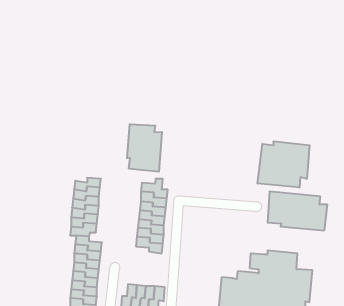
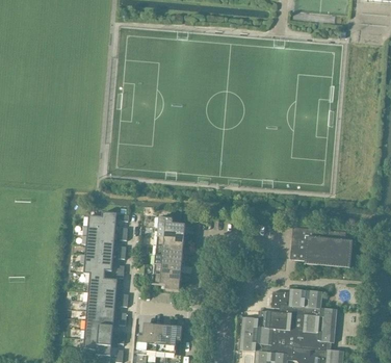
building: [127,124,162,172] -> none
building: [258,141,310,188] -> none

